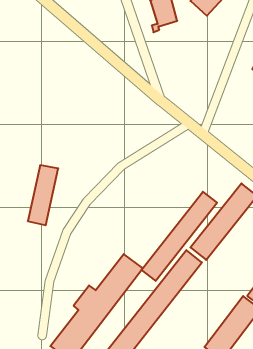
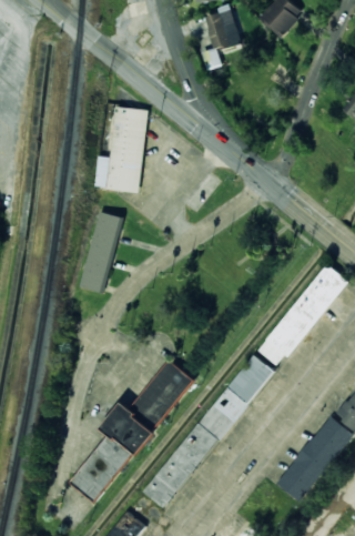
building: none -> [93,107,146,192]
building: [28,165,58,225] -> [80,212,121,293]
building: [141,192,217,281] -> none

